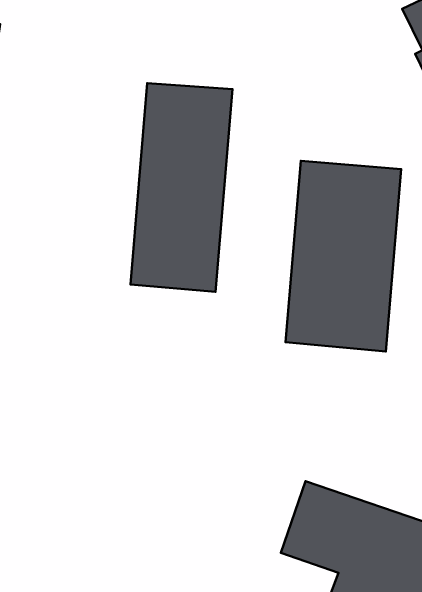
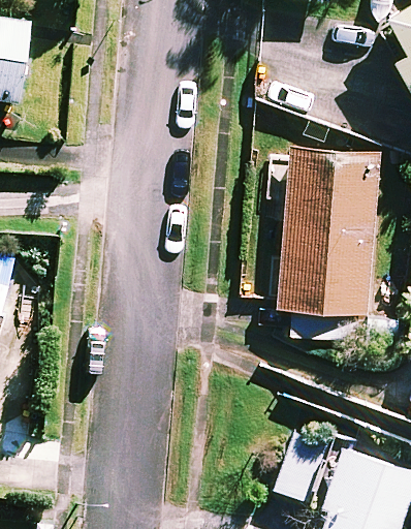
building: [130,83,233,292] -> none

